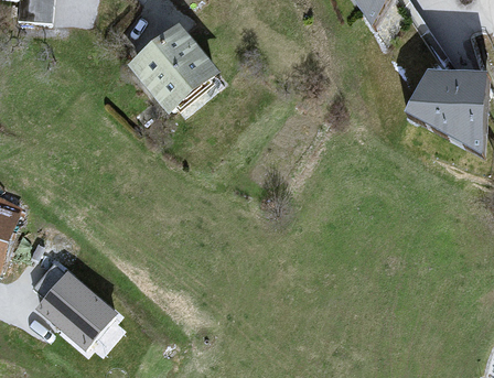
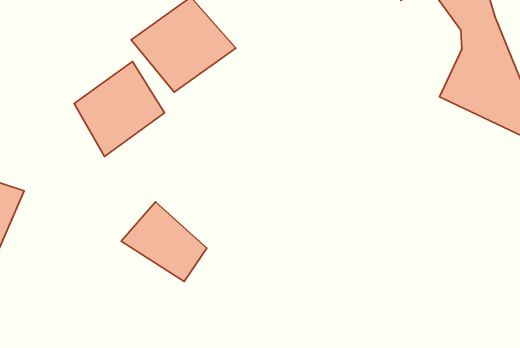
building: none -> [74,62,164,157]
building: [31,270,110,344] -> [121,202,207,282]

